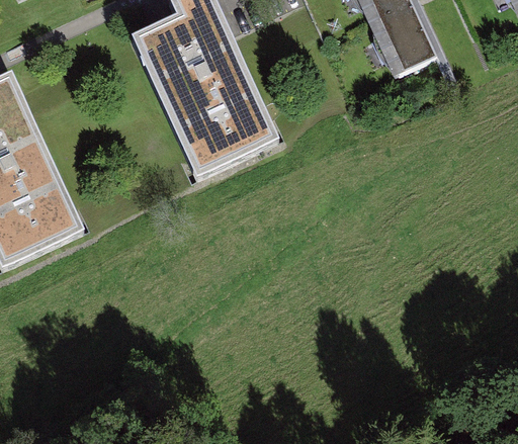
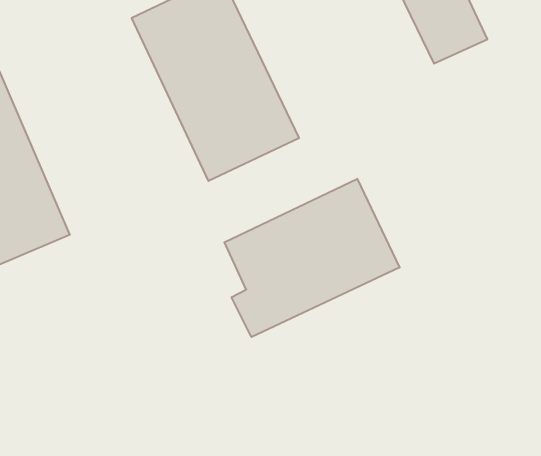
building: none -> [224,179,400,337]

